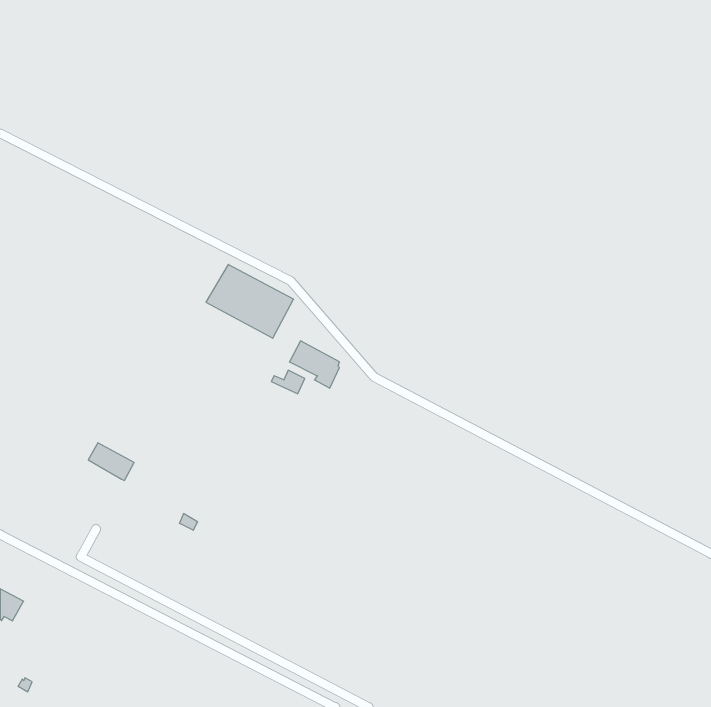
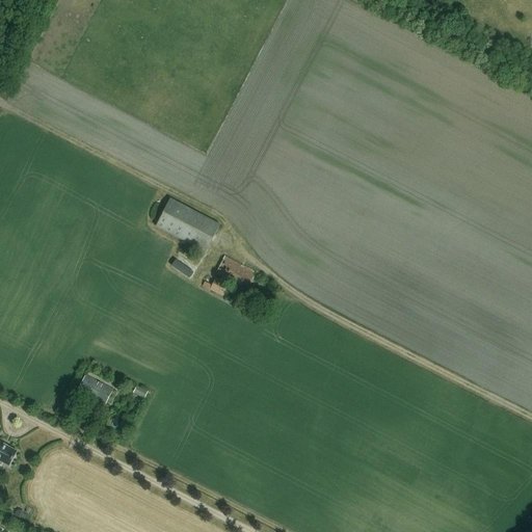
building: [88,443,134,481] -> [79,374,113,402]

